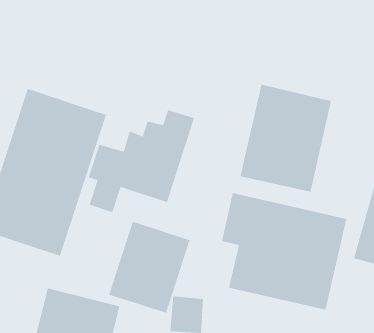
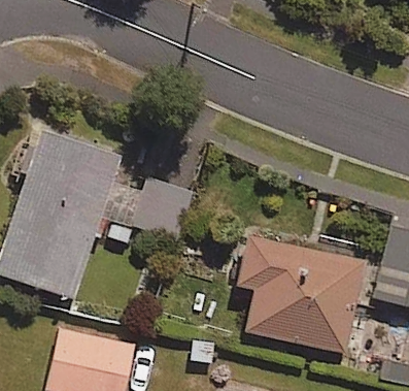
building: [240,84,331,192] -> none
building: [109,221,190,314] -> none

